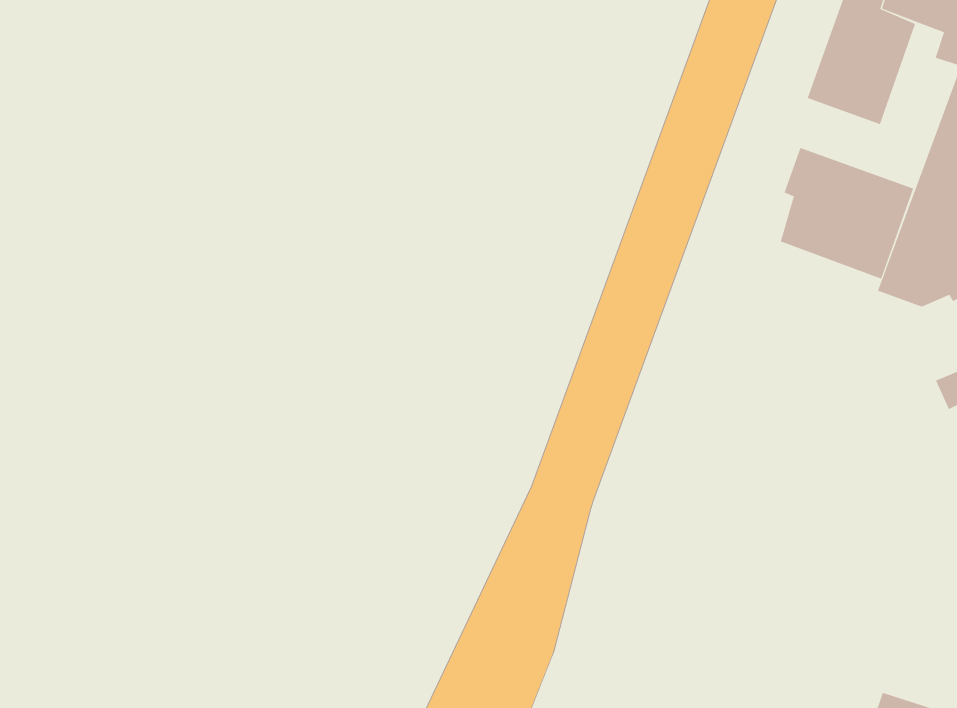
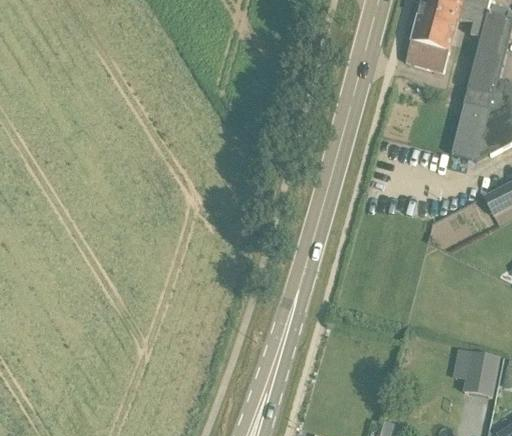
building: [780,147,914,279] -> none

